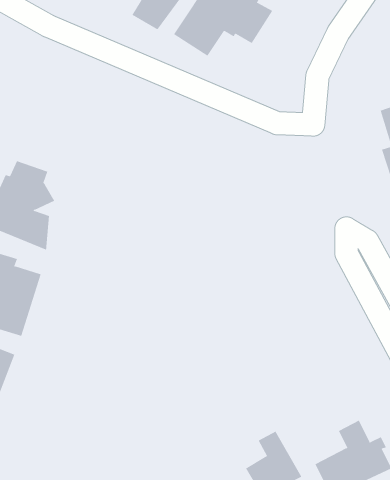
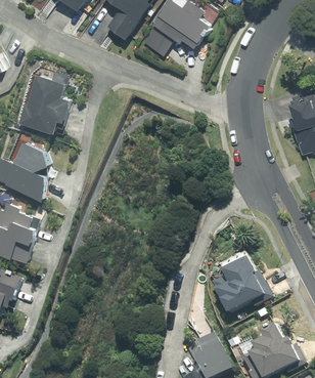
building: none -> [16,72,70,133]
building: none -> [208,254,272,314]

